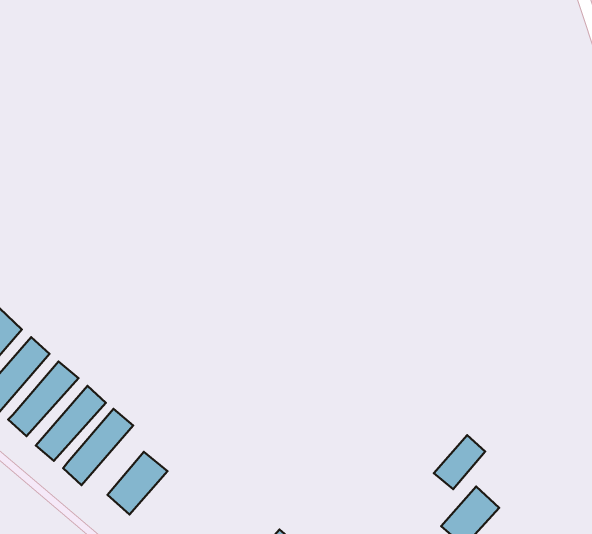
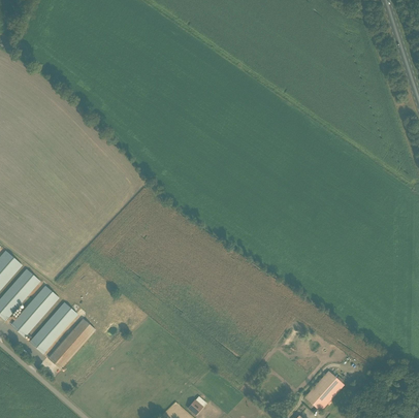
building: [434,435,485,489] -> none
building: [108,452,167,514] -> none

